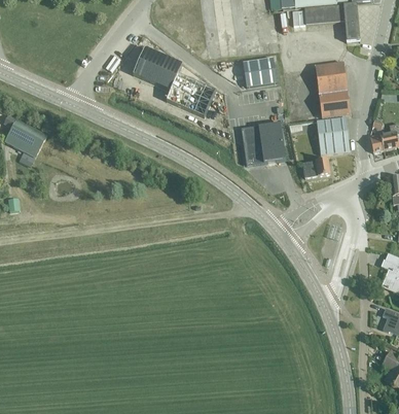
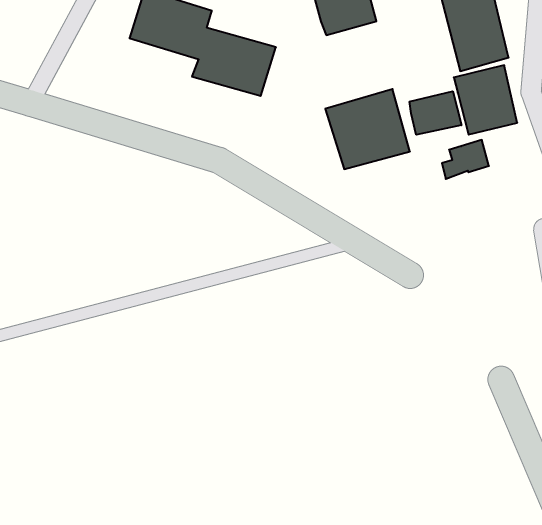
building: none -> [410,91,461,135]

